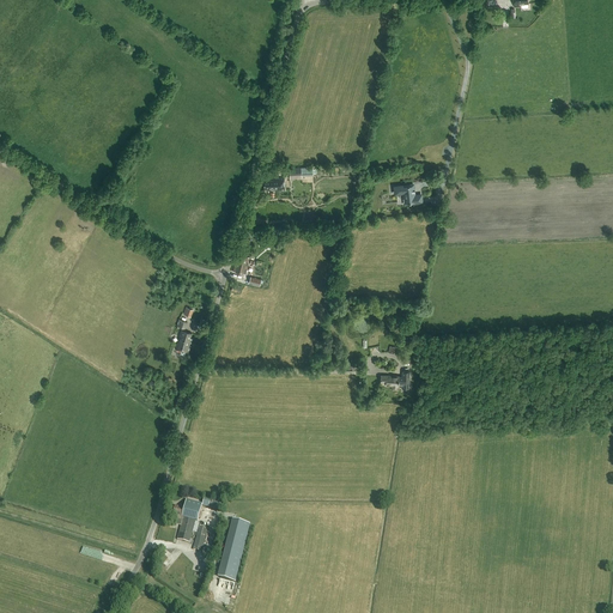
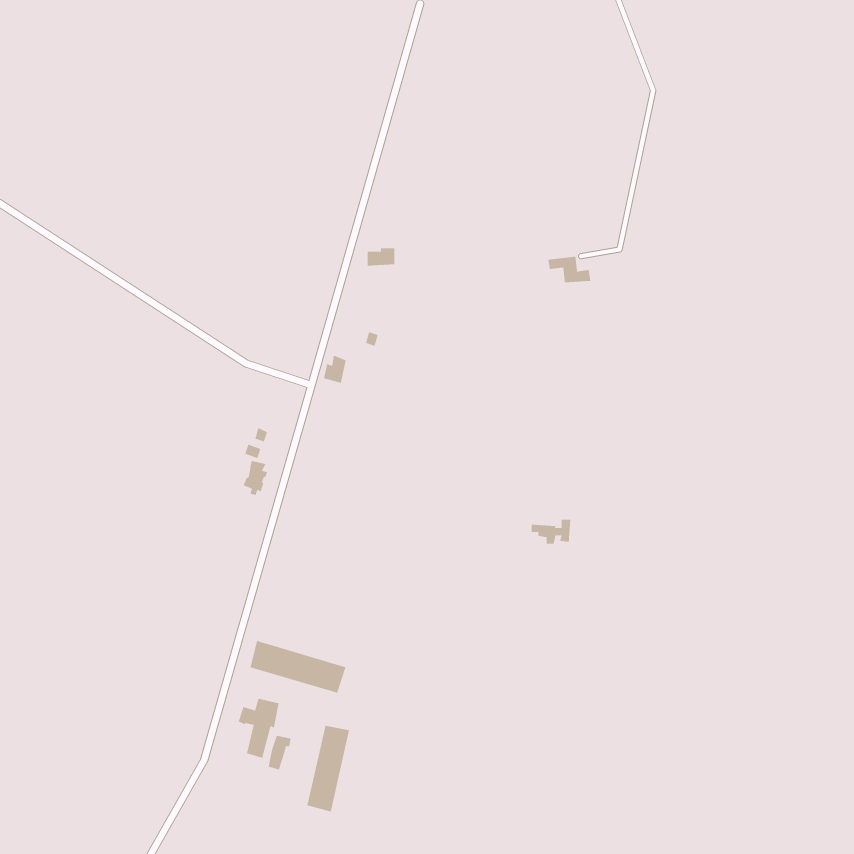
building: none -> [250,640,346,694]

